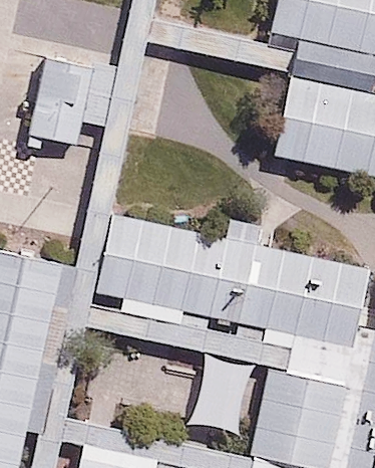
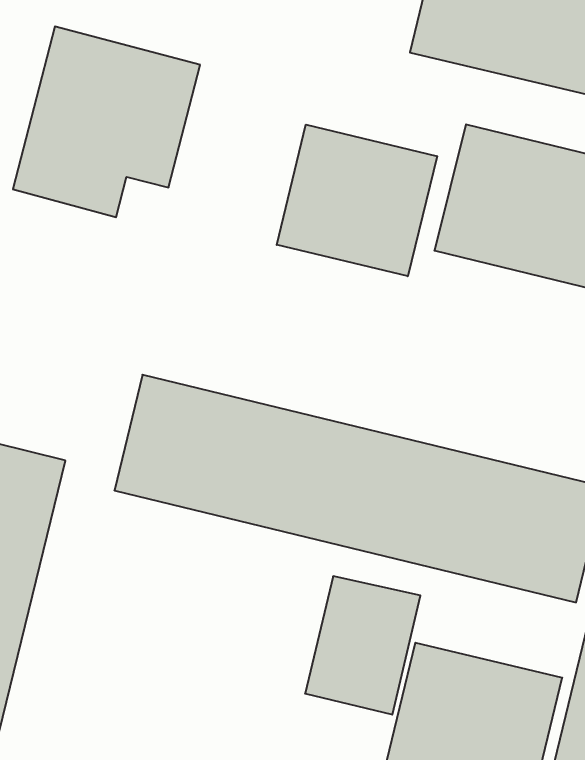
building: none -> [277,125,437,276]

